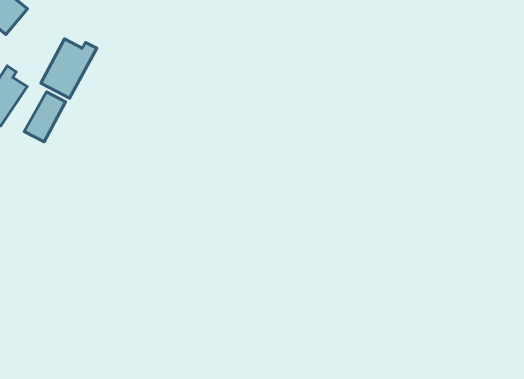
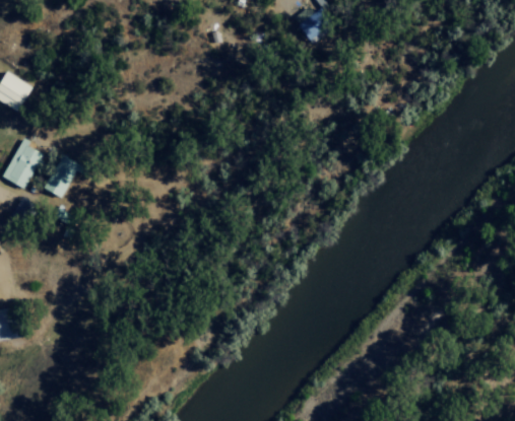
building: [41,39,97,98] -> none

